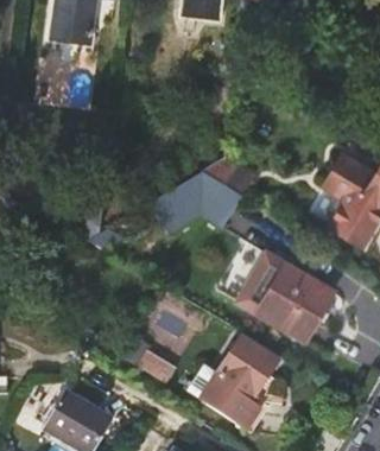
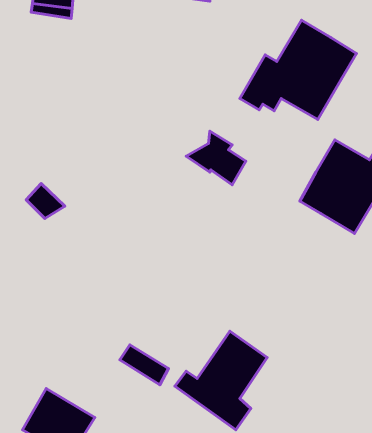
building: none -> [240,20,356,120]
building: [152,171,239,226] -> none
building: [235,253,330,339] -> none

